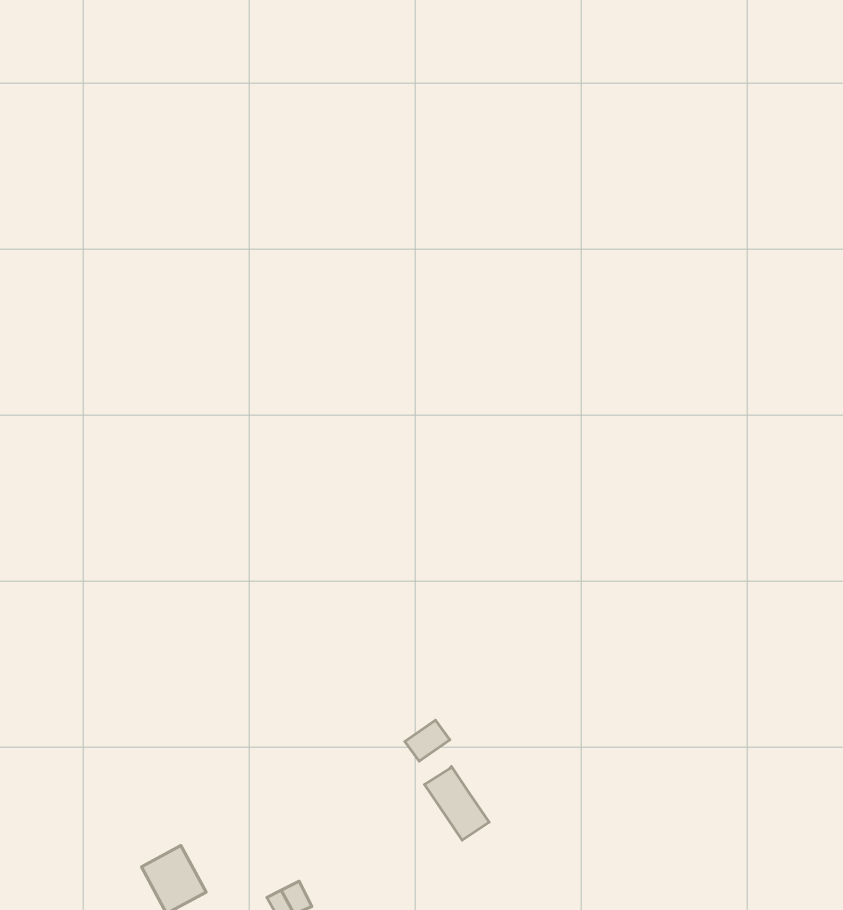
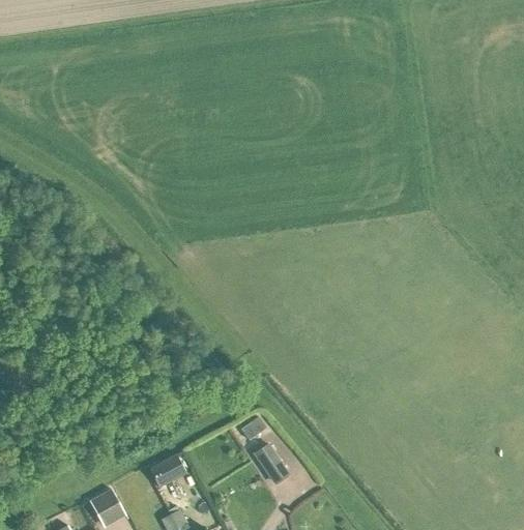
building: none -> [150,454,186,488]

